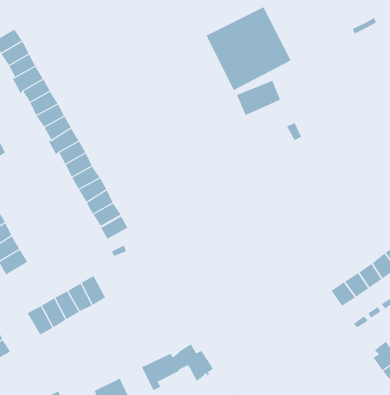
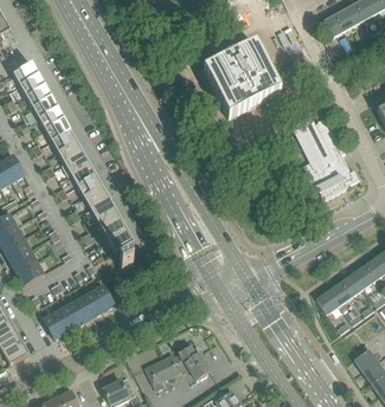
building: none -> [290,115,358,199]

